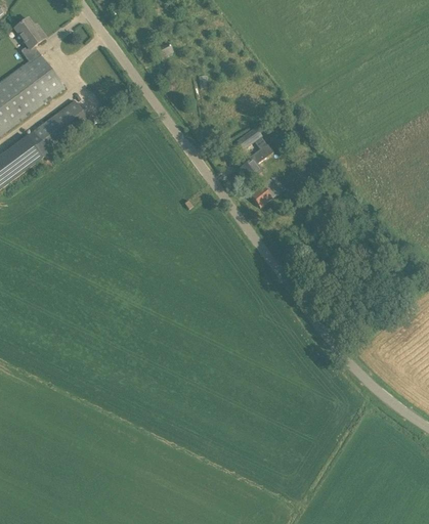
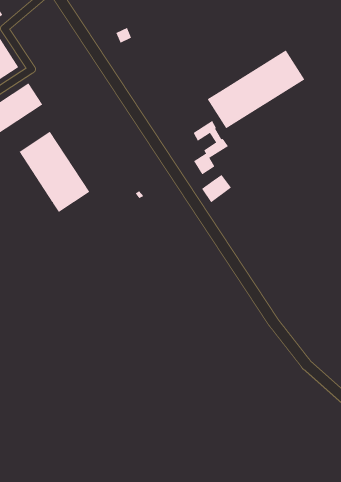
building: none -> [207,49,305,129]
building: none -> [19,131,90,213]

